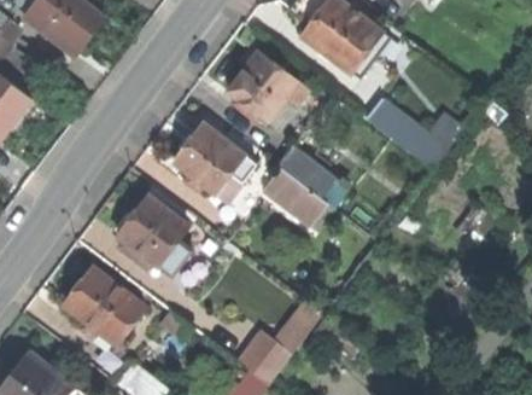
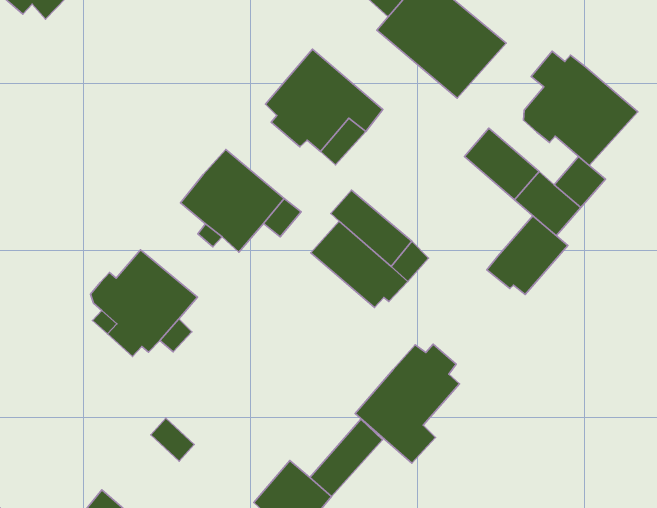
building: none -> [524,51,638,165]
building: none -> [487,216,568,295]
building: none -> [355,344,460,463]
building: [65,268,145,344] -> none

